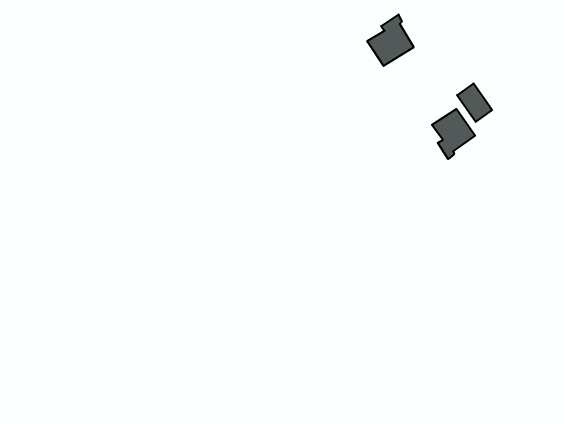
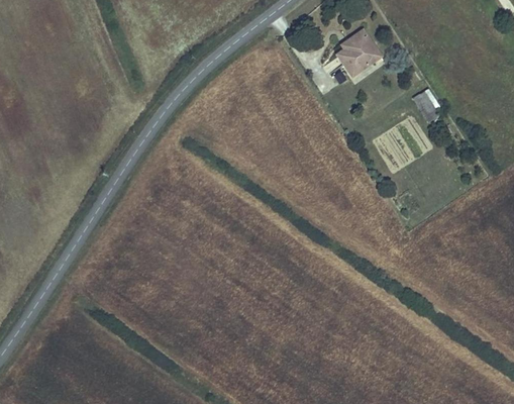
building: [432,109,475,159] -> none

